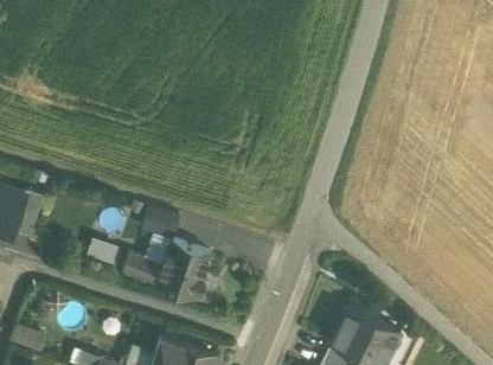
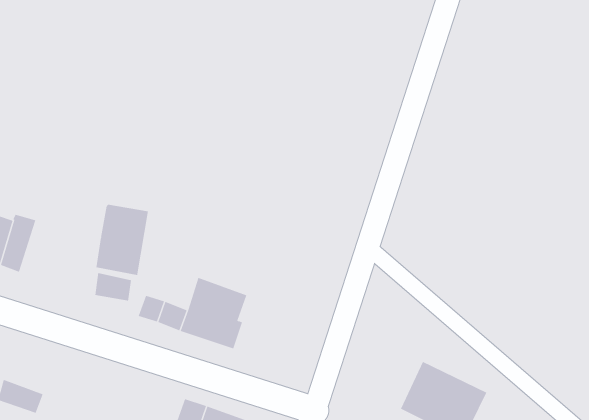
building: none -> [96,204,148,276]

